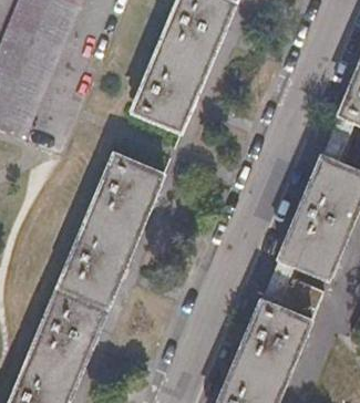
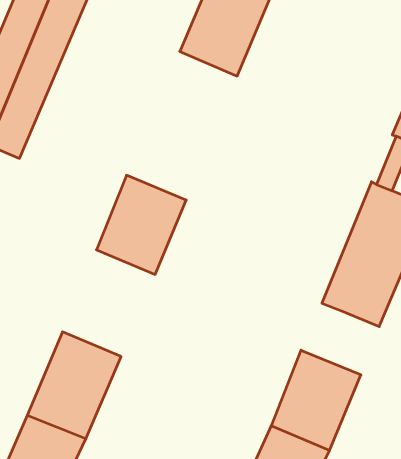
building: [132,45,206,130] -> none
building: [58,214,136,304] -> none
building: [263,259,325,320] -> none

